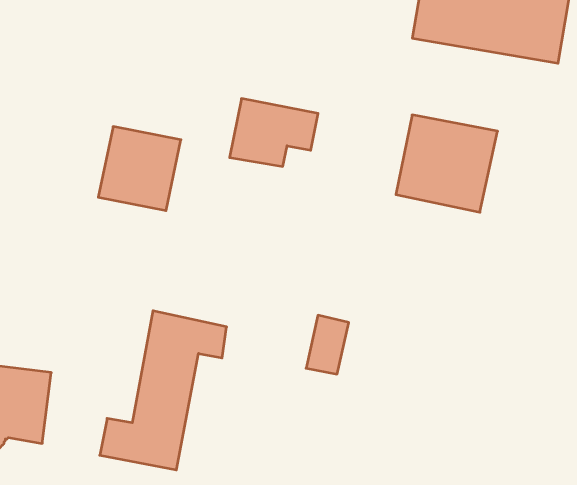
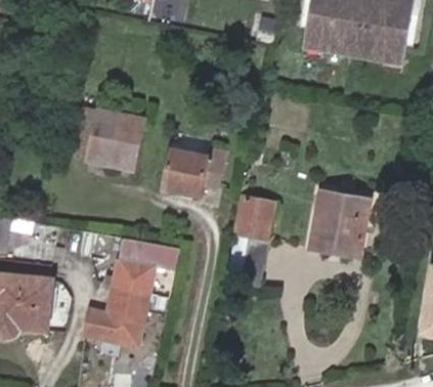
building: [230,99,318,166] -> [161,145,222,192]
building: [396,115,498,212] -> [308,190,379,258]
building: none -> [233,186,274,235]

